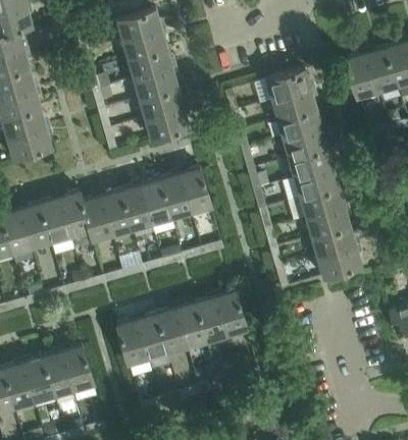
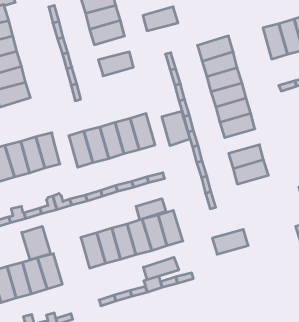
building: [133,69,177,100] -> [143,7,178,31]
building: [144,109,189,140] -> none
building: none -> [162,111,190,146]
building: [299,187,344,219] -> none
building: [81,197,111,241] -> none
building: [315,246,361,278] -> [212,229,248,254]
building: none -> [136,199,166,220]
building: none -> [22,226,51,260]
building: none -> [143,257,179,280]

